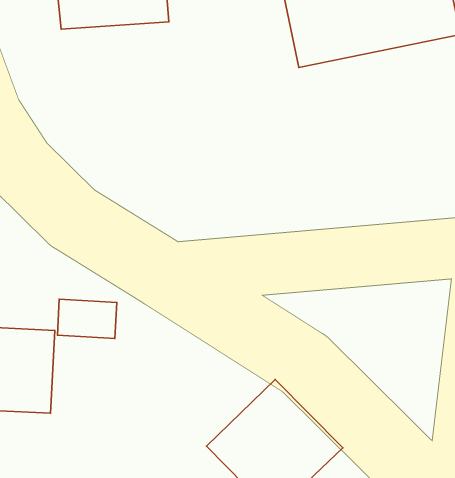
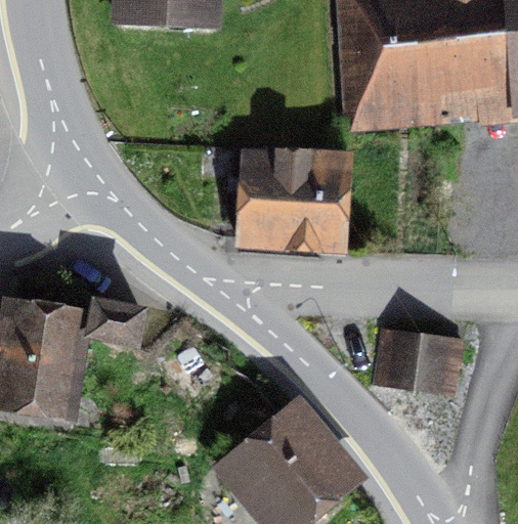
building: none -> [235,168,349,252]
building: none -> [380,330,458,394]

